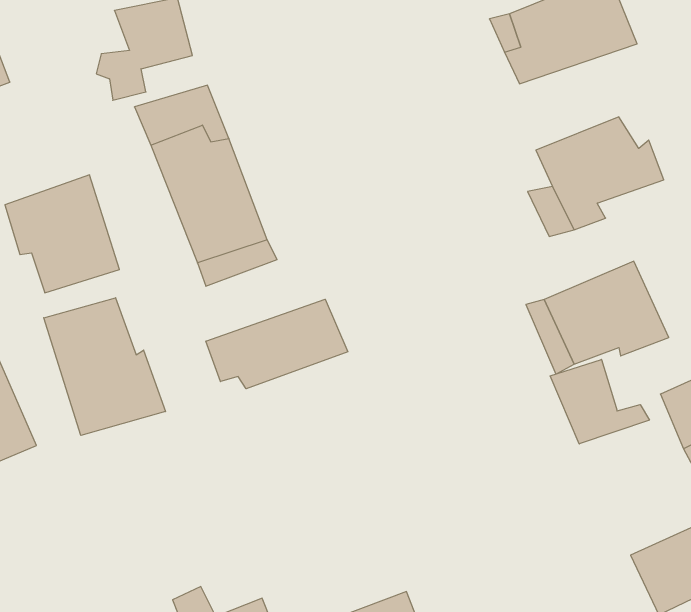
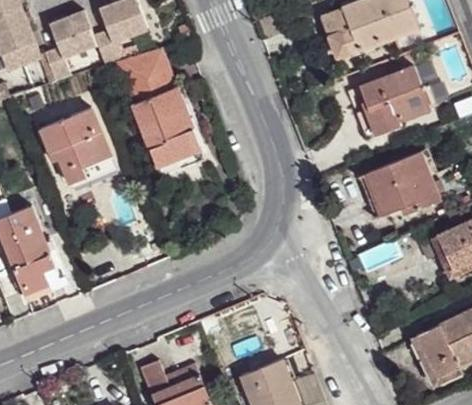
building: none -> [47,10,96,75]
building: [44,298,165,435] -> none
building: [206,299,348,389] -> none
building: [550,359,649,444] -> none

